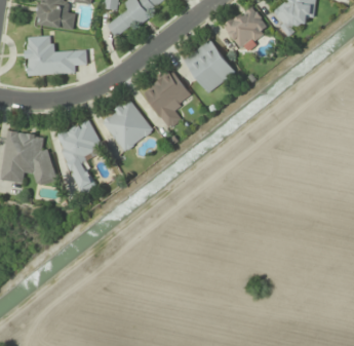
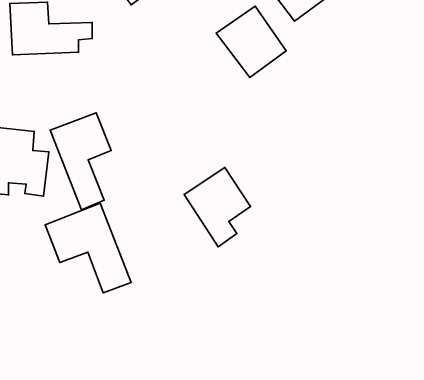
building: [141,69,191,129] -> [184,167,250,247]
building: [100,99,153,153] -> none
building: none -> [45,203,131,293]

